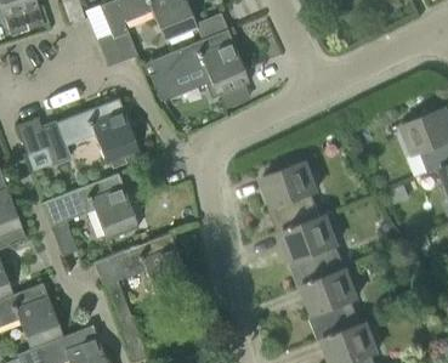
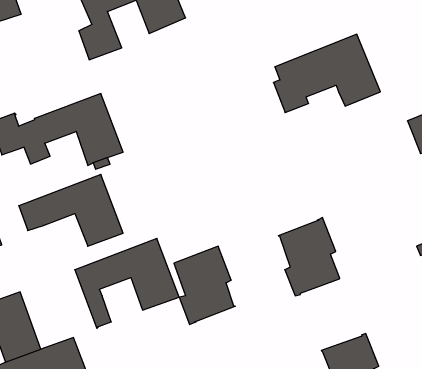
building: [149,29,249,102] -> [273,34,380,113]
building: [263,160,321,233] -> [174,246,235,324]
building: [304,267,361,341] -> none

